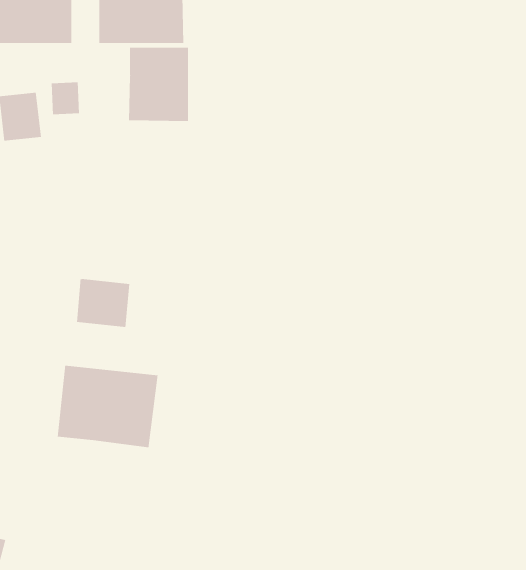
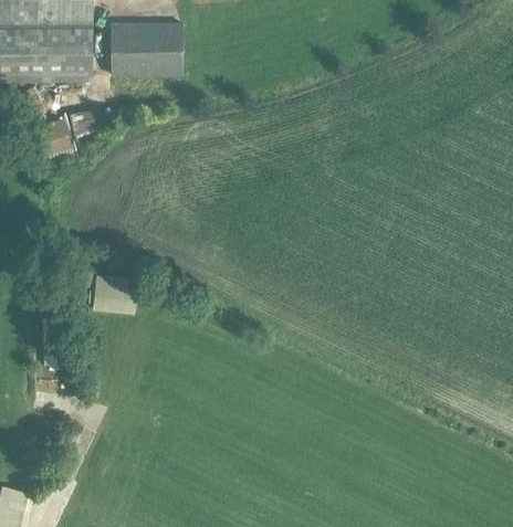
building: [128,47,188,122] -> none
building: [57,365,158,448] -> none

